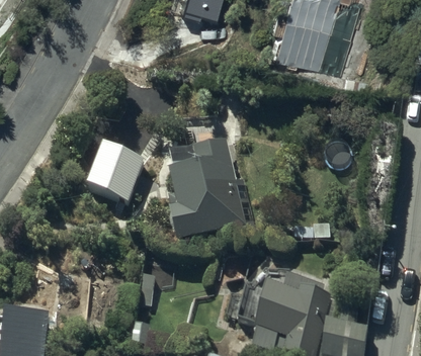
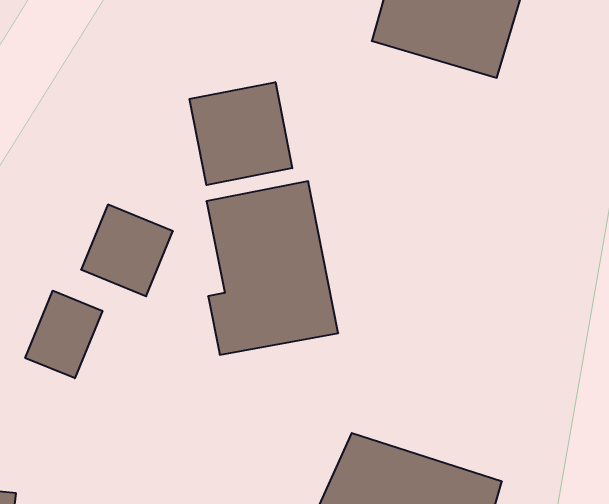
building: none -> [189,82,292,185]
building: none -> [25,291,102,378]

